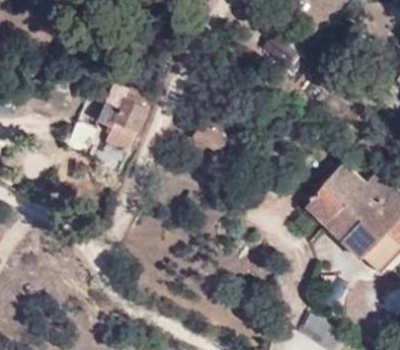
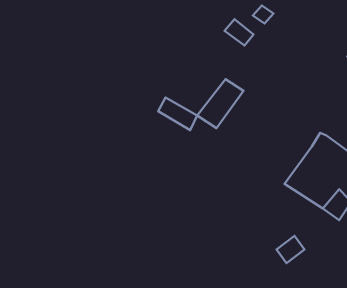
building: [98,94,147,157] -> none
building: [304,169,355,224] -> [197,79,244,128]

